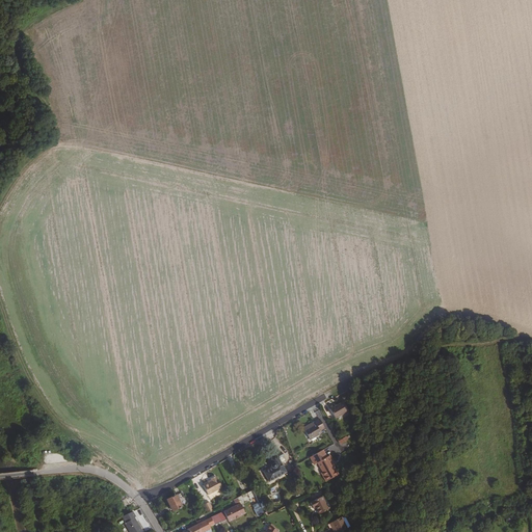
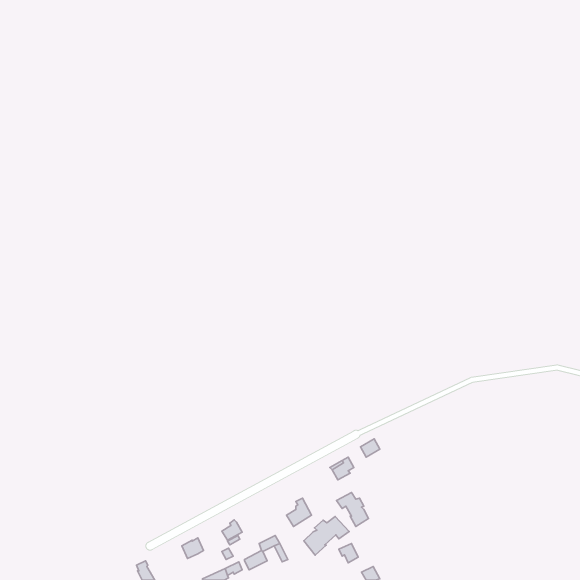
building: none -> [304,517,349,555]

